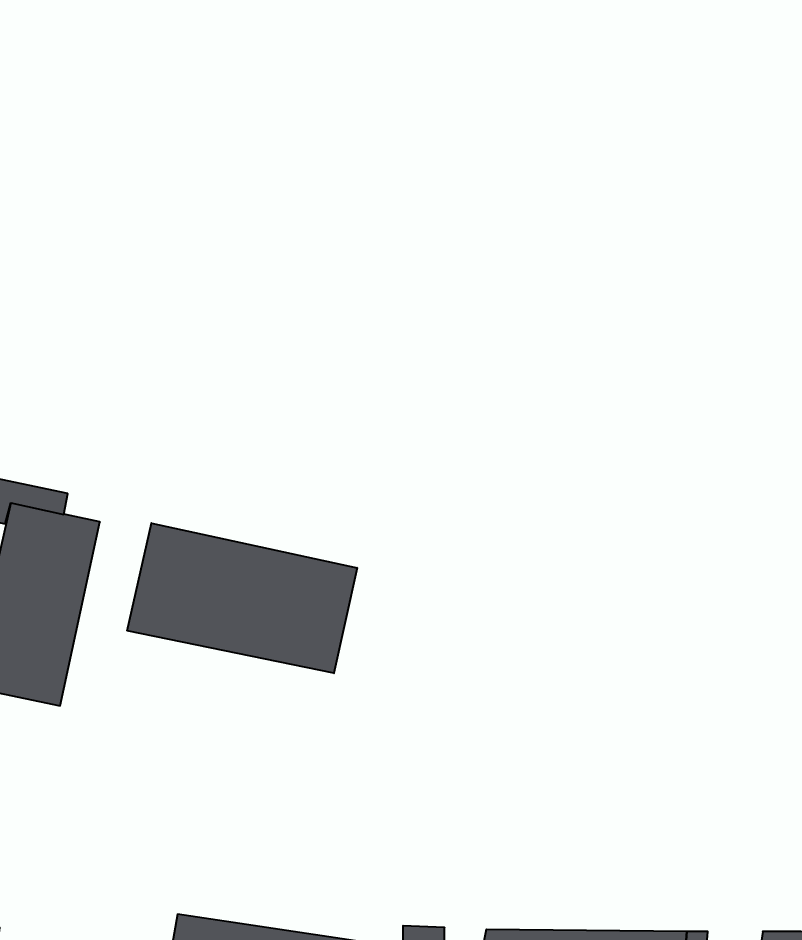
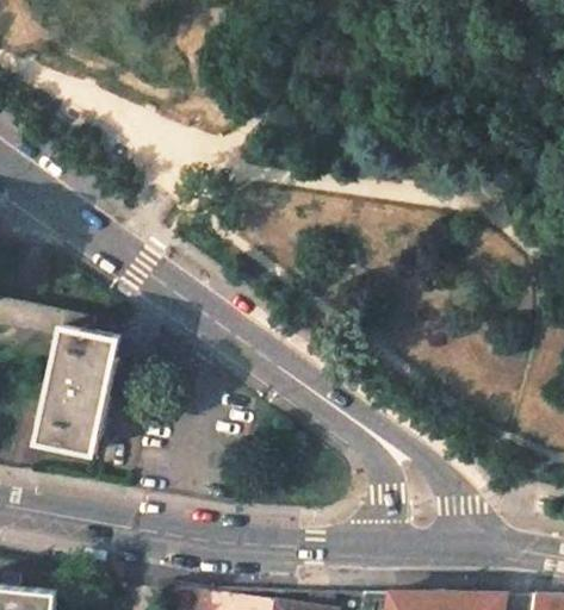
building: [127,523,357,673] -> none

